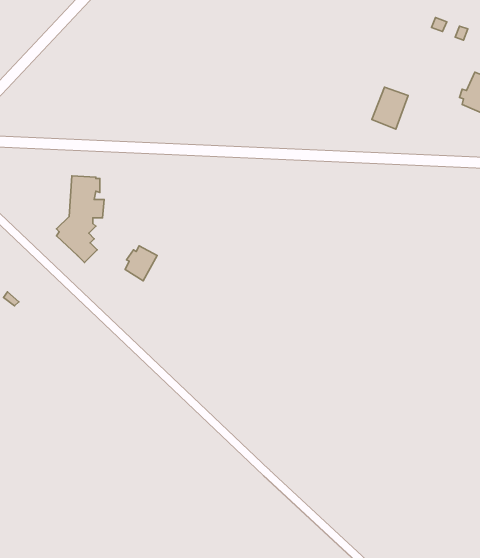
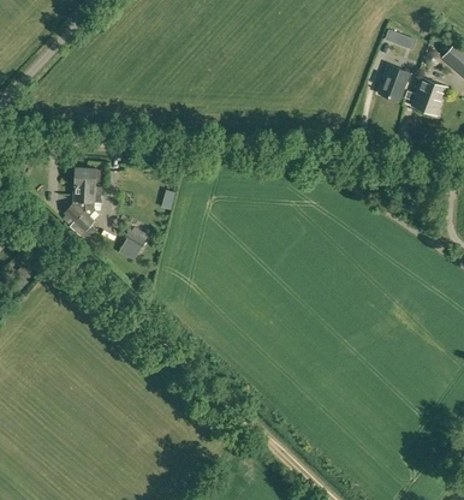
building: [372,87,408,129] -> [377,66,409,102]

